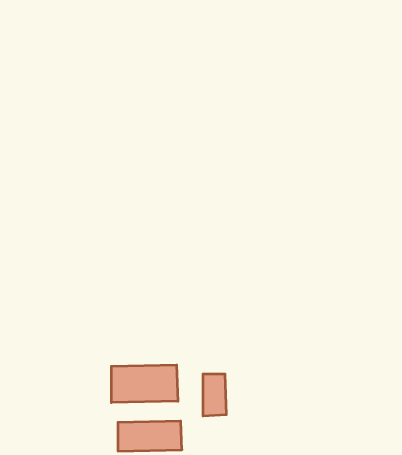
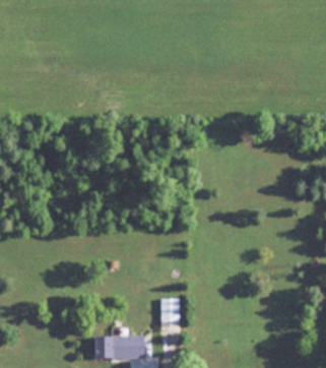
building: [111,365,178,403] -> none

